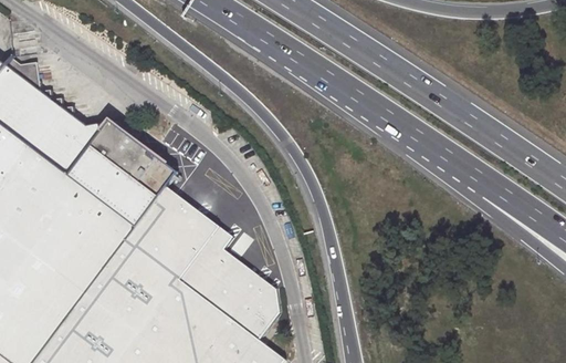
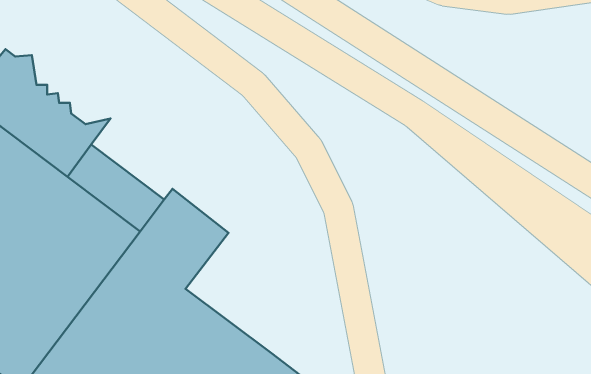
building: [92,123,177,198] -> none
building: [179,229,279,341] -> none

